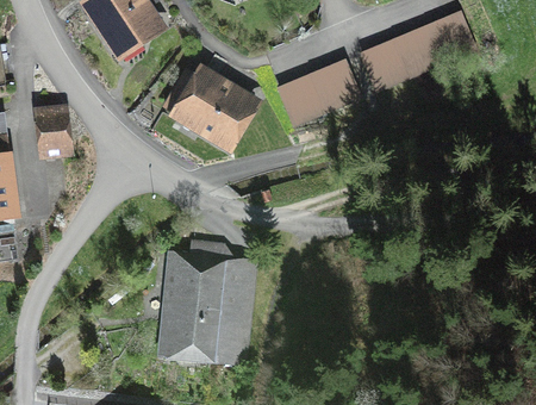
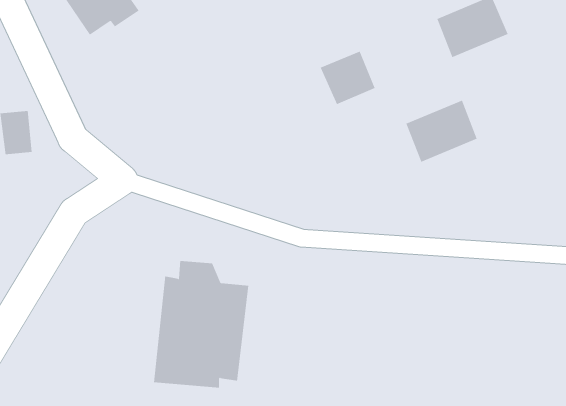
building: [364,35,426,88] -> [405,100,478,162]
building: [164,70,250,144] -> none
building: [280,76,328,123] -> none

